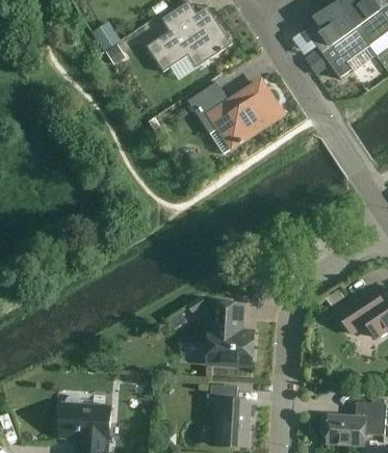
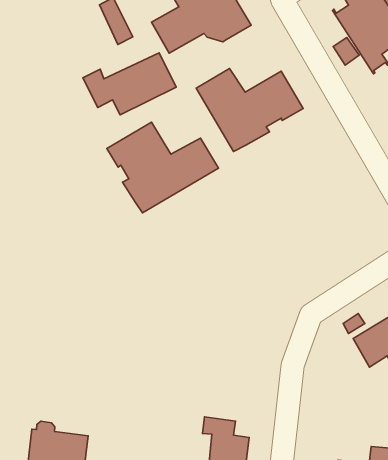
building: none -> [83,53,176,115]
building: none -> [107,122,218,213]
building: [206,301,254,366] -> none

